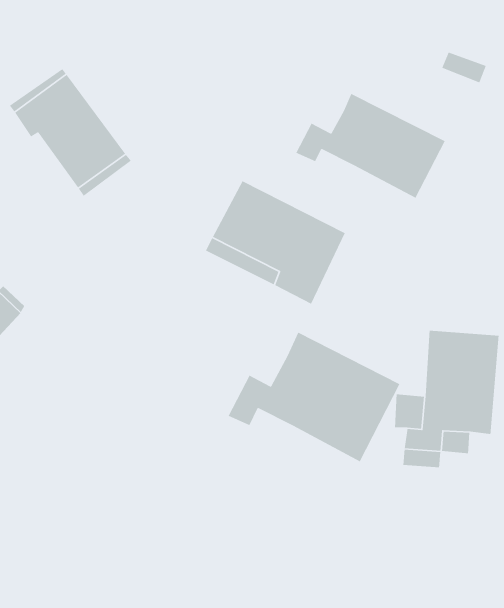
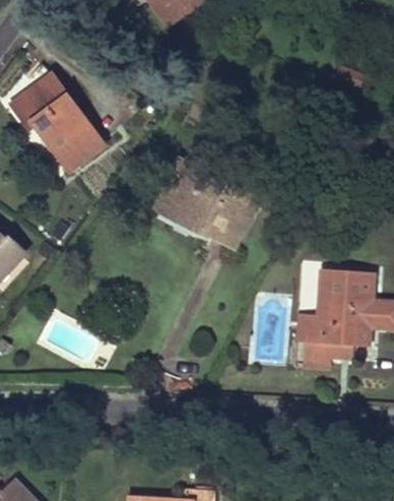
building: [295,93,446,199] -> none
building: [228,331,401,463] -> none

